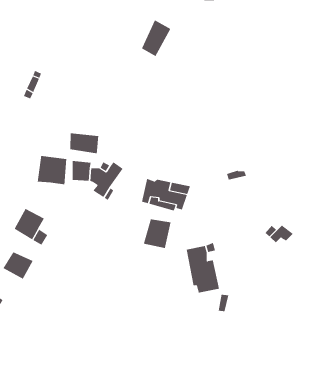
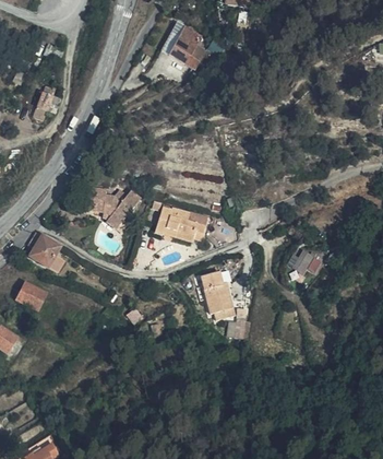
building: [70,132,99,154] -> none
building: [37,155,67,185] -> none
building: [143,219,171,249] -> none

